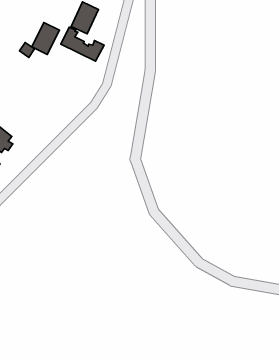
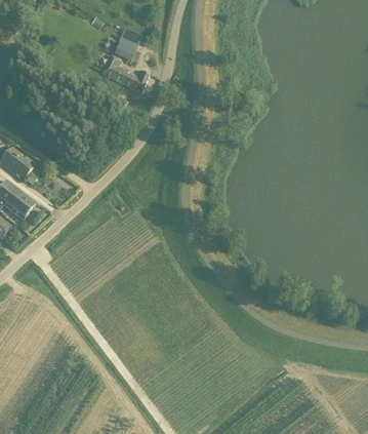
building: [32,22,59,55] -> none

